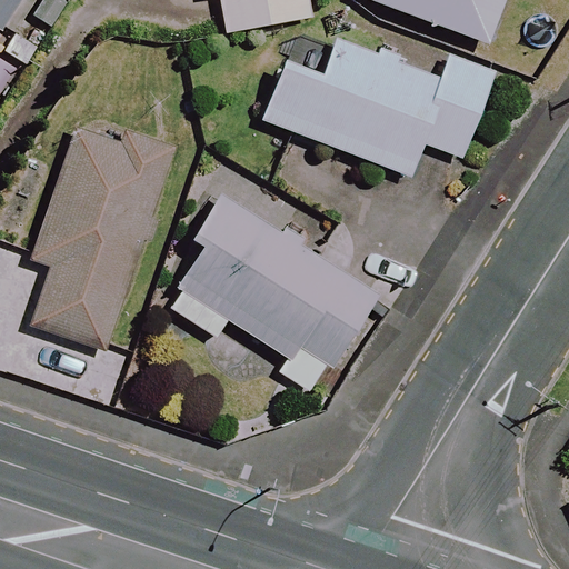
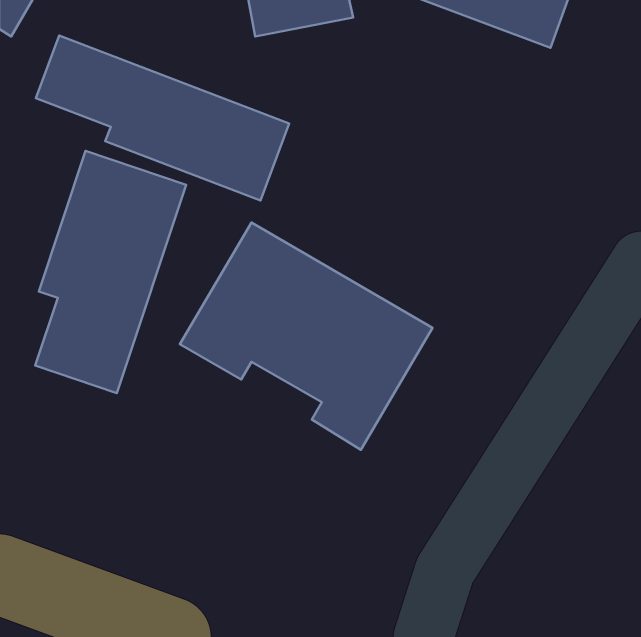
building: none -> [36,36,289,201]
building: [260,37,496,176] -> none

